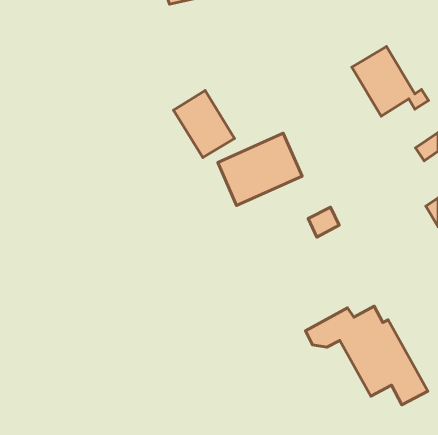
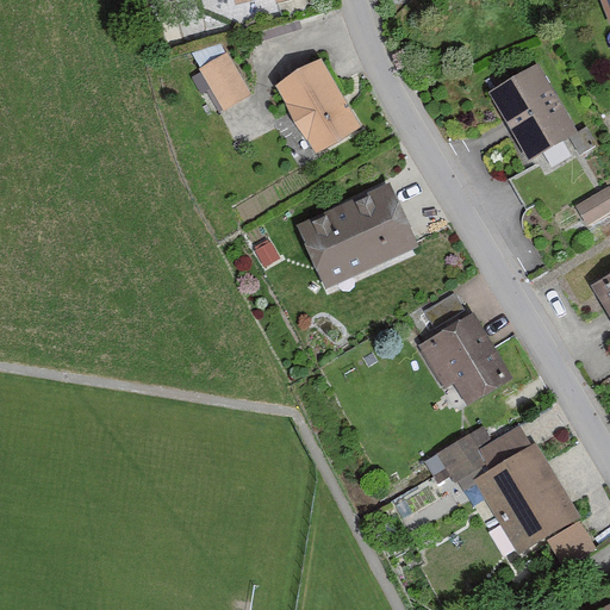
building: none -> [201,56,249,108]
building: [173,90,235,158] -> [275,61,360,154]
building: none -> [418,312,511,404]

